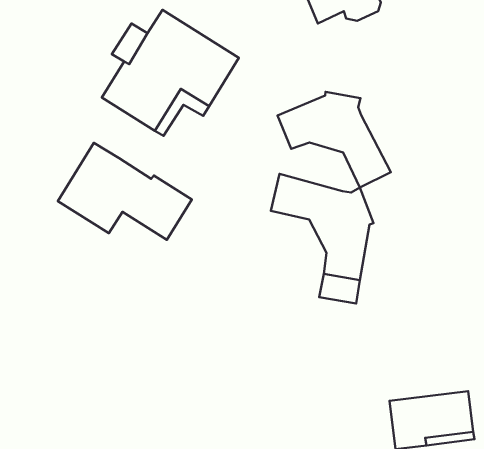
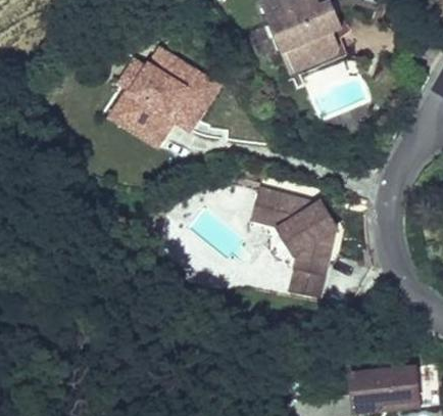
building: [278,92,391,187] -> none
building: [58,143,192,240] -> none

